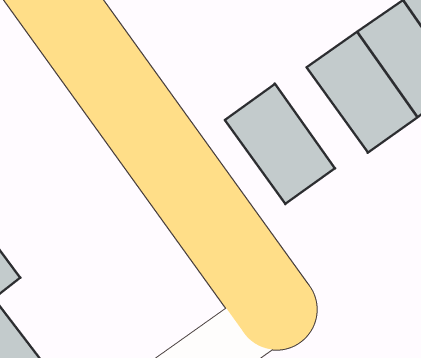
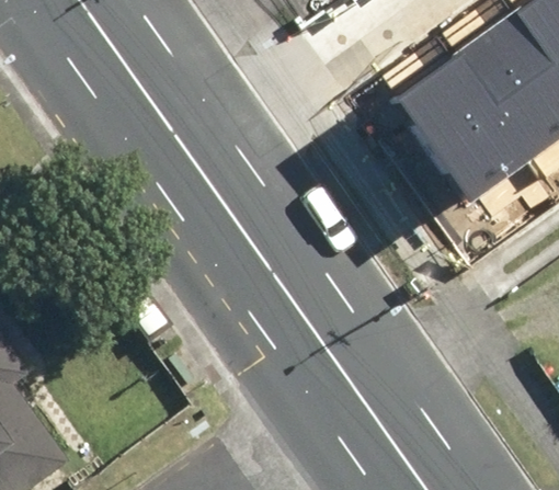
building: [225,84,335,204] -> none

